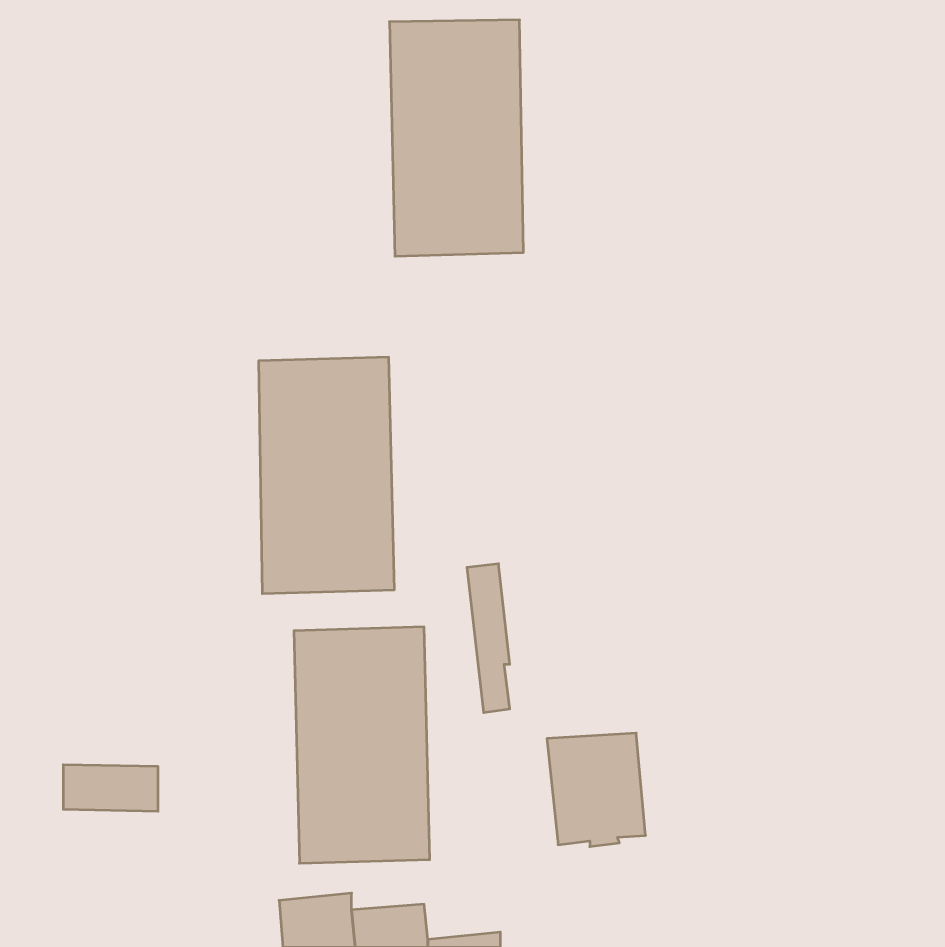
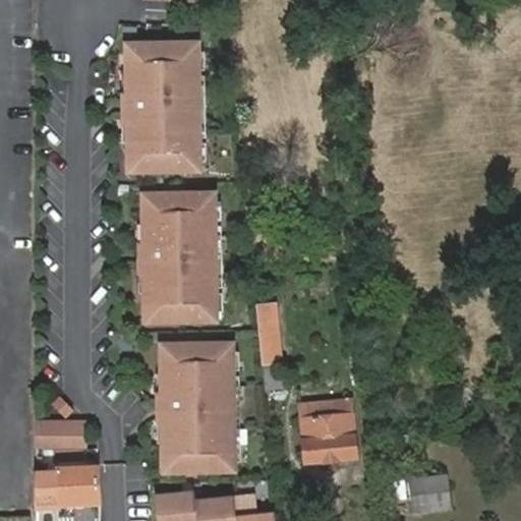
building: [389,20,523,256] -> [125,49,198,178]
building: none -> [35,468,98,506]
building: none -> [414,479,452,514]

